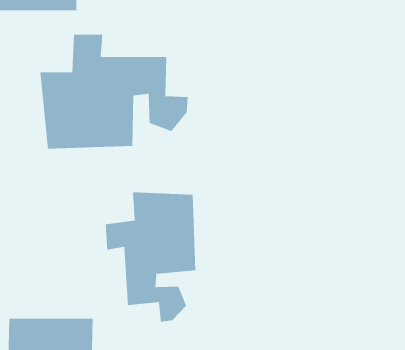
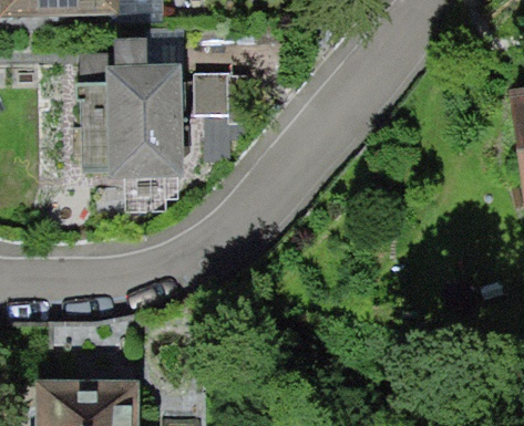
building: [105,192,196,322] -> none

